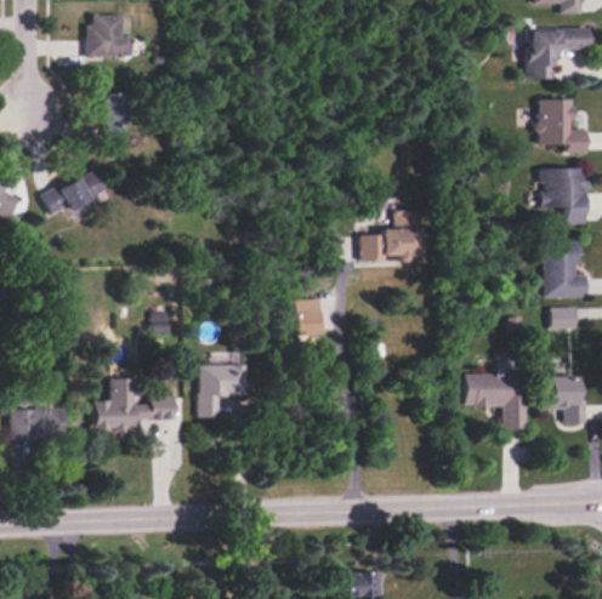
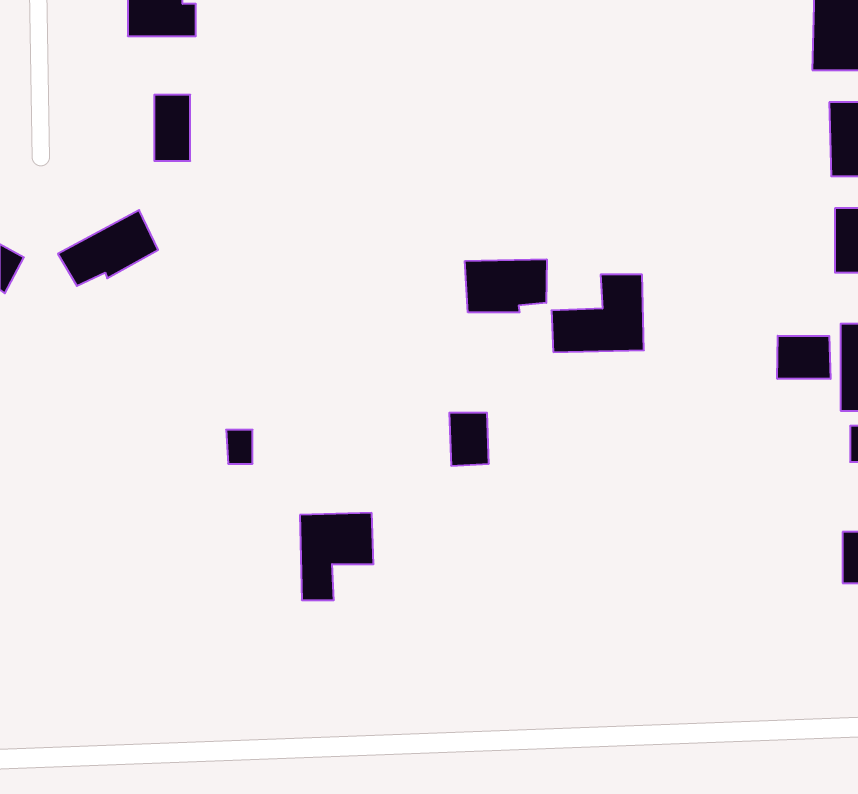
building: none -> [465,259,547,312]
building: none -> [777,336,831,379]
building: [461,372,524,427] -> none
building: [97,378,176,432] -> none
building: [12,409,66,441] -> none

